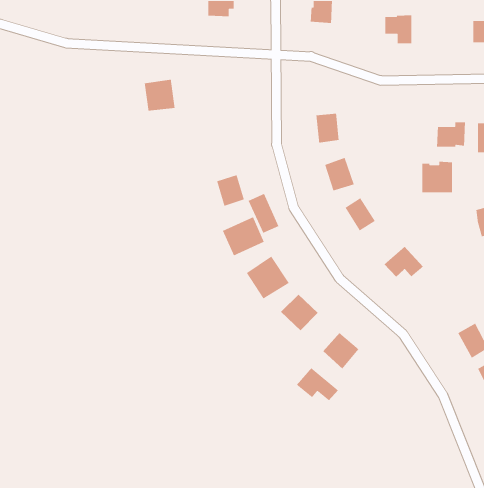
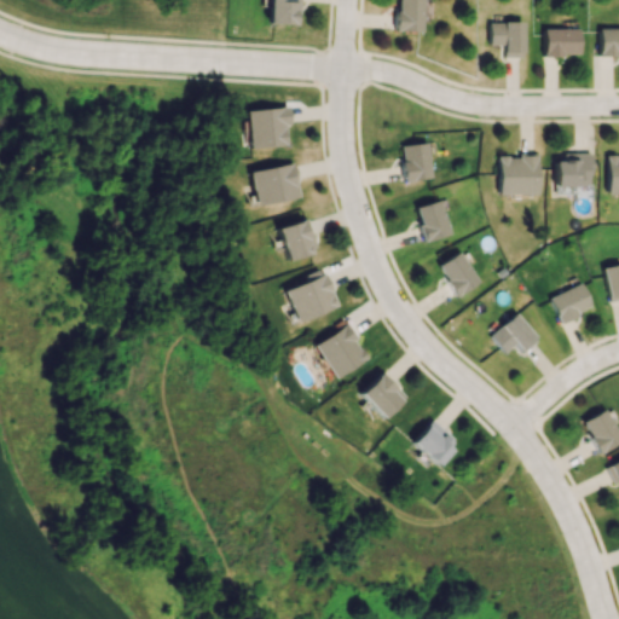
building: none -> [548,27,583,56]
building: [144,79,175,111] -> [249,108,289,149]
building: none -> [253,163,302,207]
building: [421,161,453,193] -> [501,154,540,195]
building: [248,193,280,234] -> none
building: none -> [550,280,595,323]
building: [296,367,339,401] -> none

